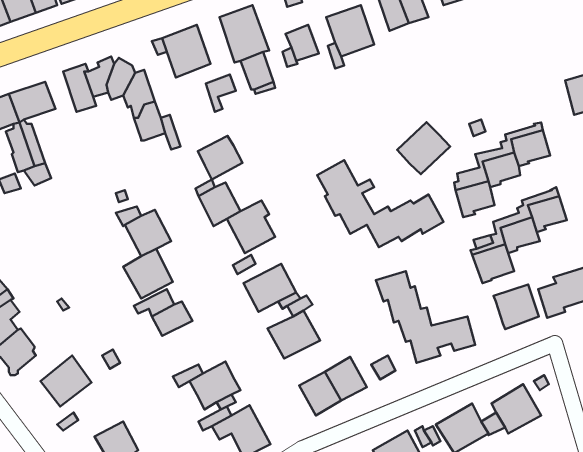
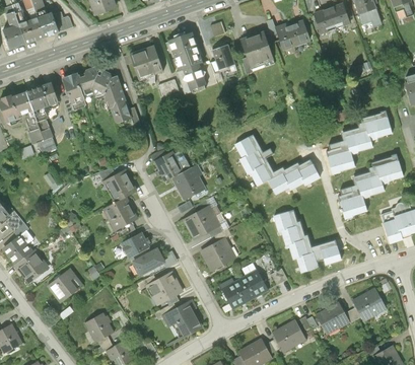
building: [397,122,450,174] -> none
building: [198,136,242,180] -> none
building: [494,285,539,329] -> none
building: none -> [135,246,165,273]

